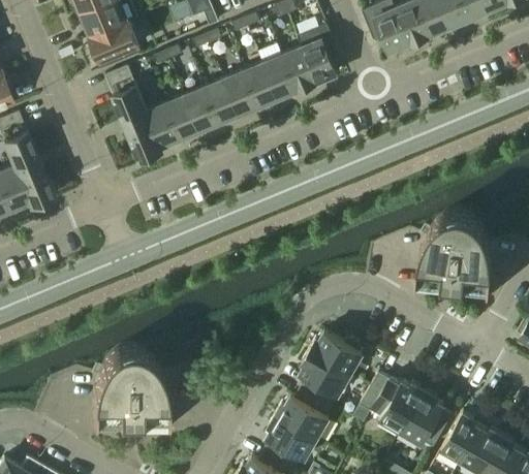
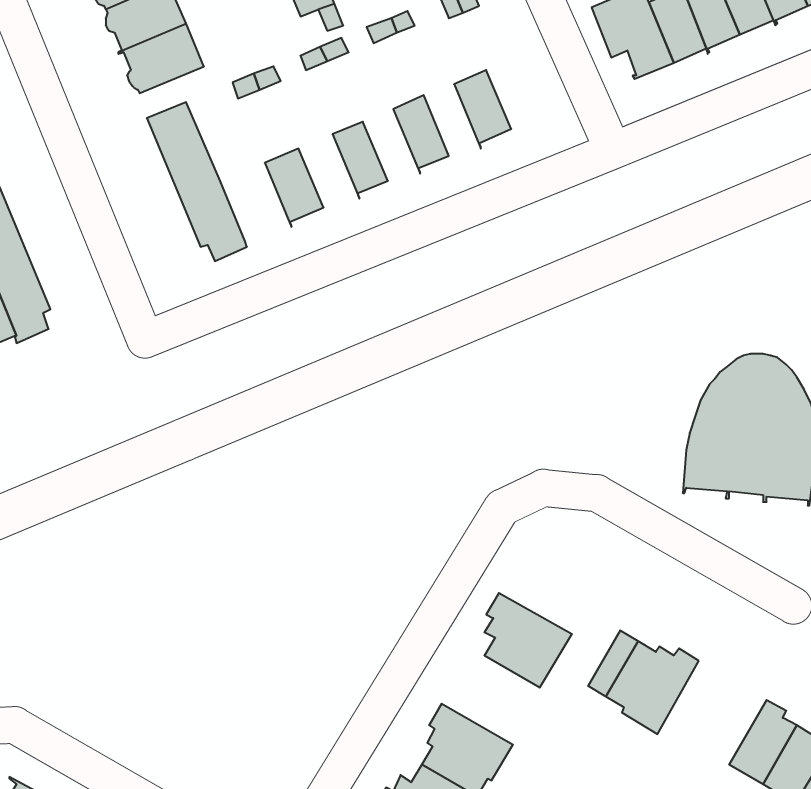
building: [297,25,339,83] -> none
building: [264,57,298,98] -> none
building: [229,71,262,113] -> none
building: [192,86,227,128] -> none
building: [147,102,188,148] -> none
building: [308,331,362,375] -> none
building: [92,348,166,434] -> none
building: [275,387,332,439] -> none
building: [400,390,452,447] -> none

